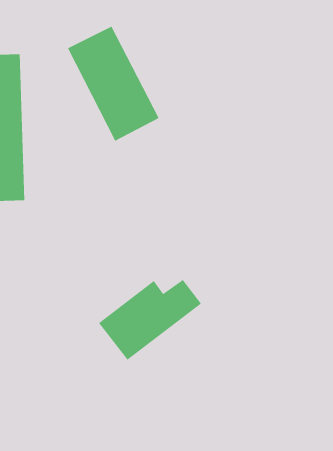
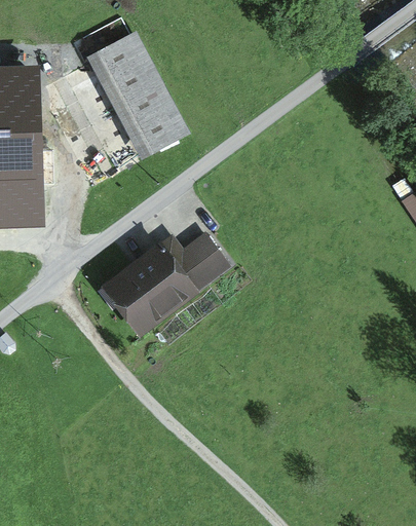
building: [98,279,202,360] -> [108,237,222,327]

